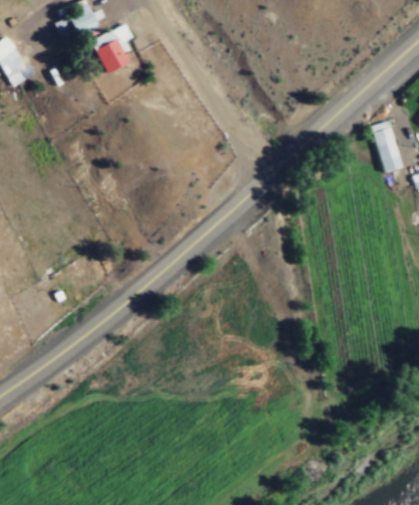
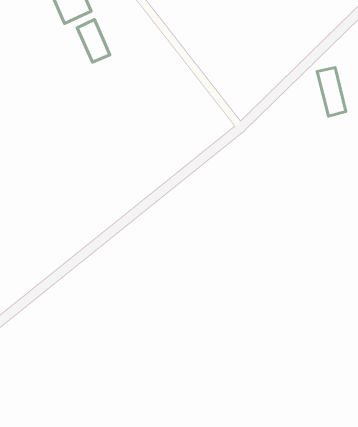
building: none -> [77,20,110,62]

